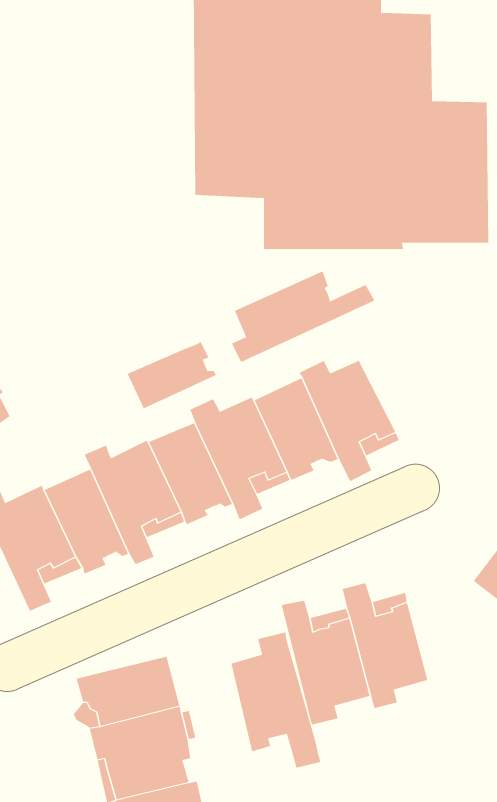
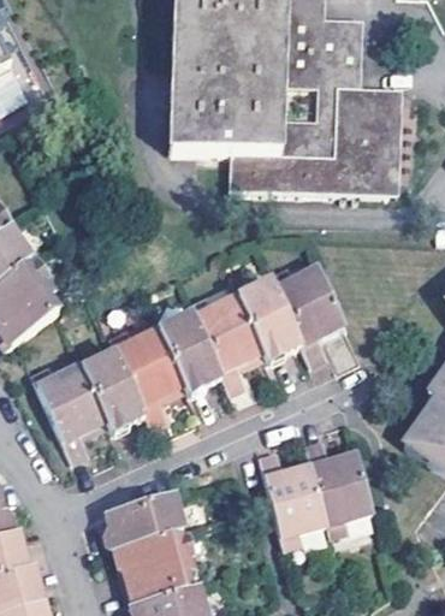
building: [231,271,375,363] -> none
building: [127,341,216,409] -> none
building: [231,632,321,769] -> none

